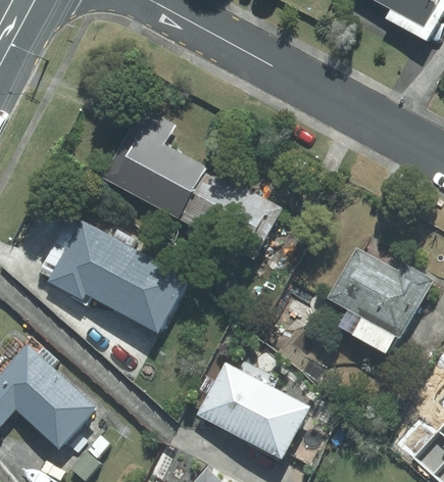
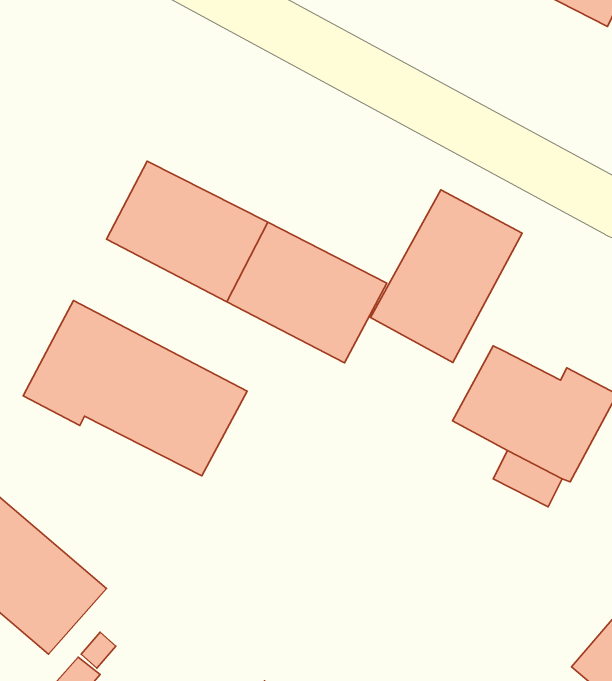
building: none -> [371,190,522,362]
building: [196,363,311,459] -> none

